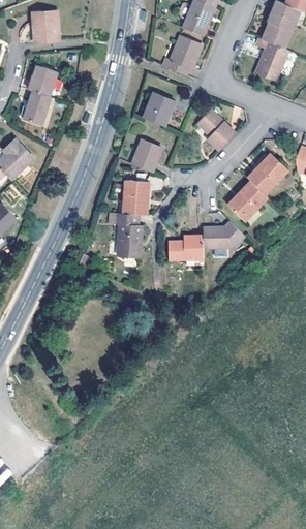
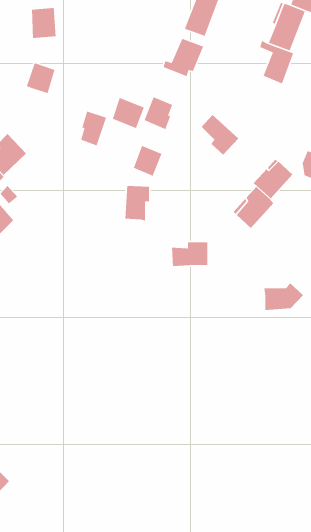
building: [24,87,50,122] -> [80,110,107,147]
building: none -> [112,97,145,129]
building: [116,215,142,258] -> none
building: [204,223,243,251] -> [263,282,304,311]

